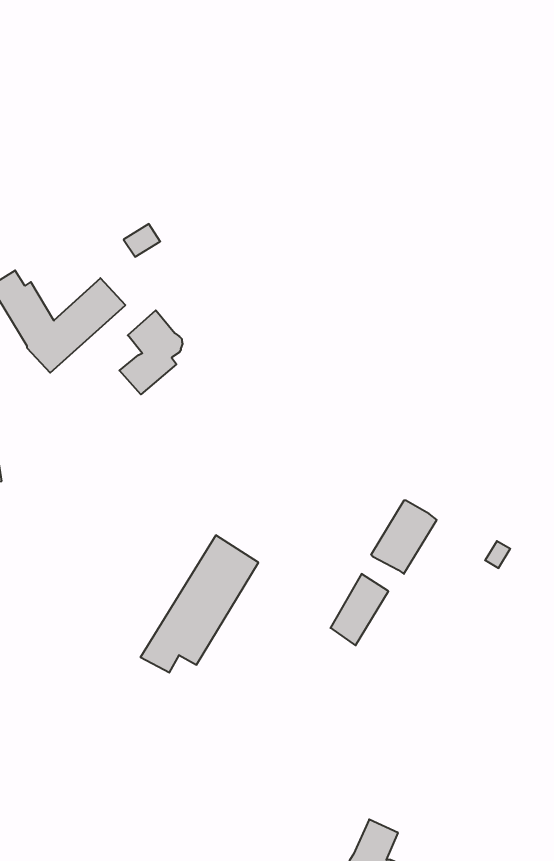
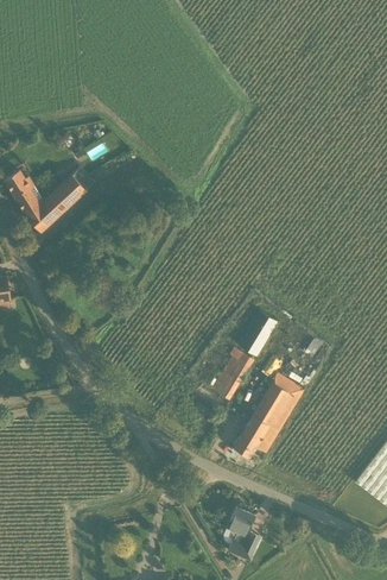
building: [119,310,182,394] -> none
building: [140,535,258,673] -> [231,373,304,458]

